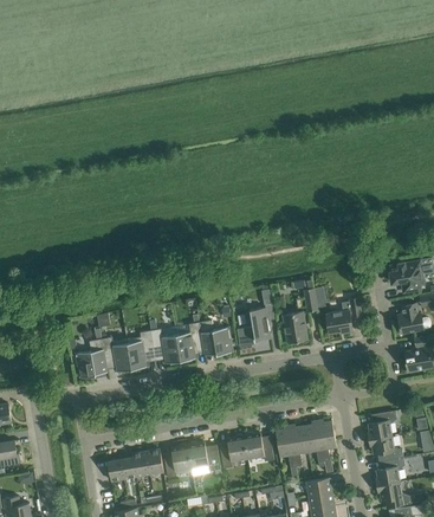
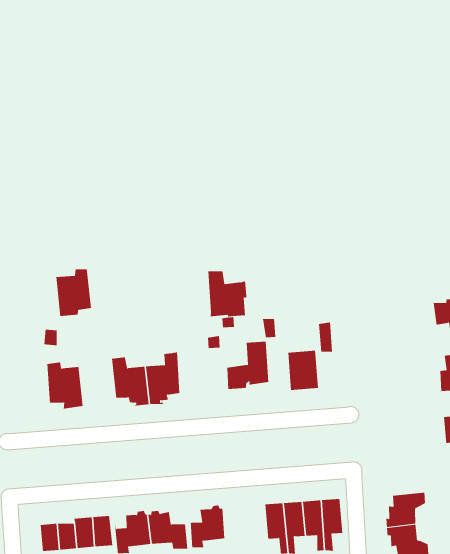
building: [325,298,361,335] -> none
building: [199,321,231,356] -> [208,271,247,317]
building: [125,331,155,369] -> [55,269,92,316]
building: [75,340,106,379] -> none
building: [244,433,273,461] -> none

